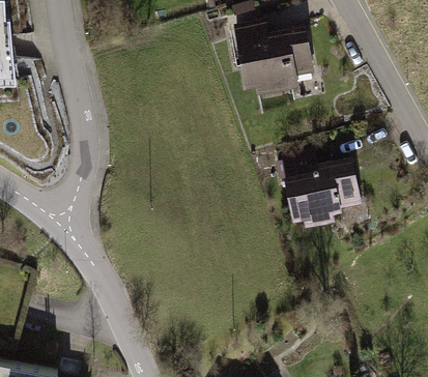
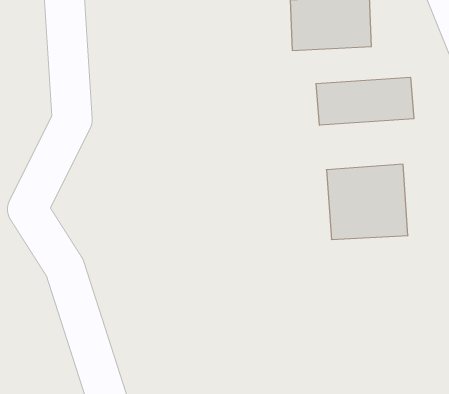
building: none -> [316,77,414,125]

